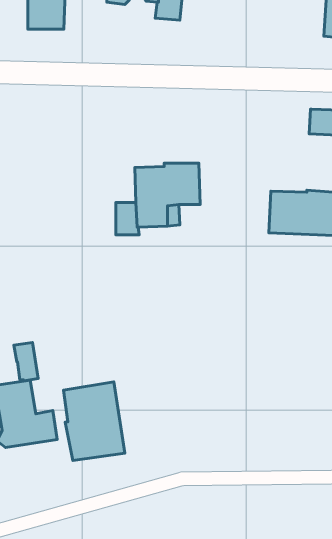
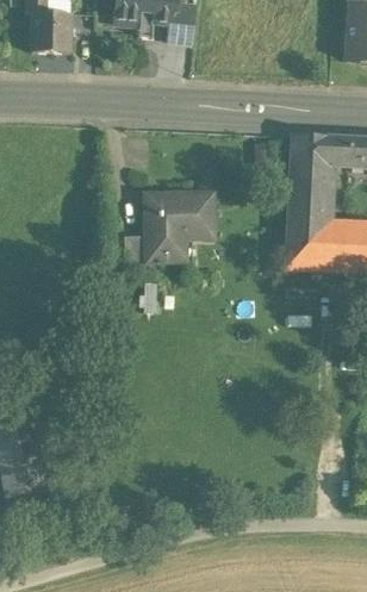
building: none -> [288,132,330,223]
building: [14,343,38,381] -> none
building: [63,382,125,461] -> none

